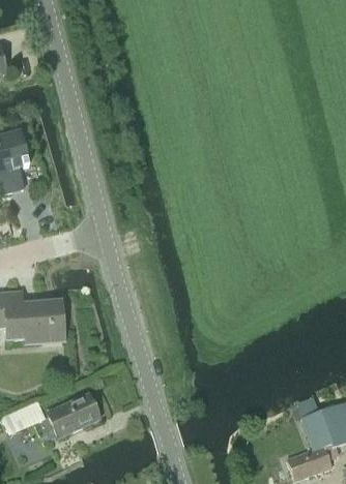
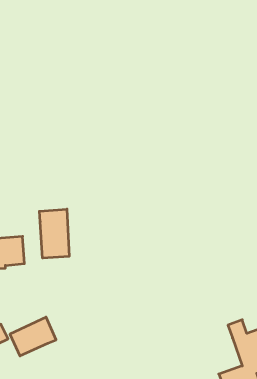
building: none -> [39,209,69,258]

